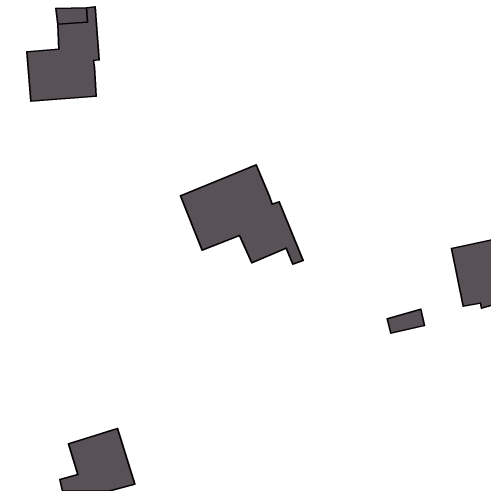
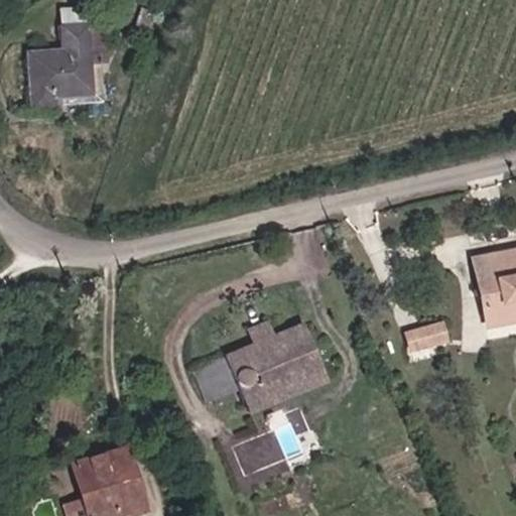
building: [180,165,303,264] -> none
building: none -> [194,322,324,412]

